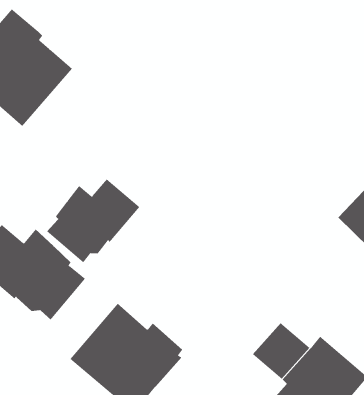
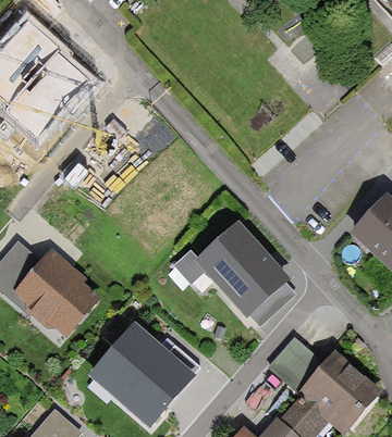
building: [46,178,140,263] -> none
building: none -> [173,221,296,325]

